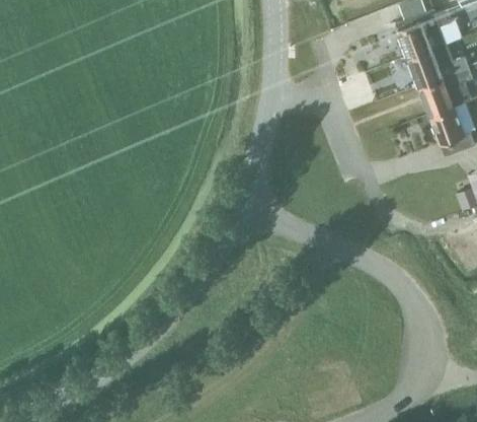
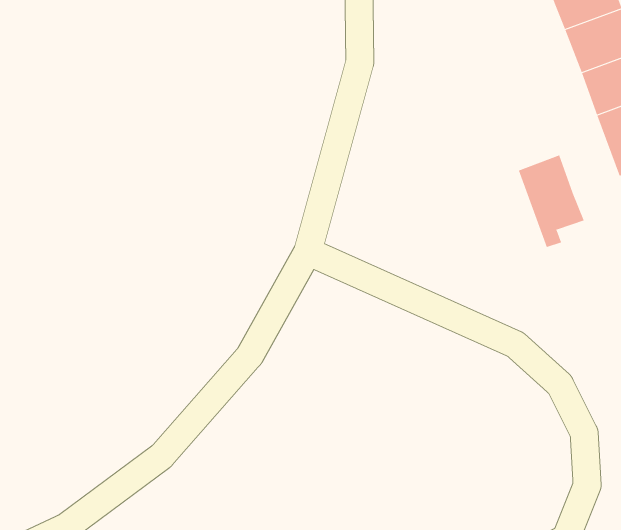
building: none -> [518,154,584,248]

